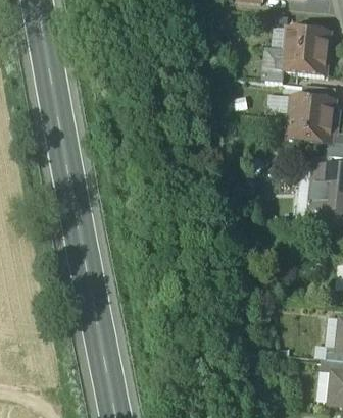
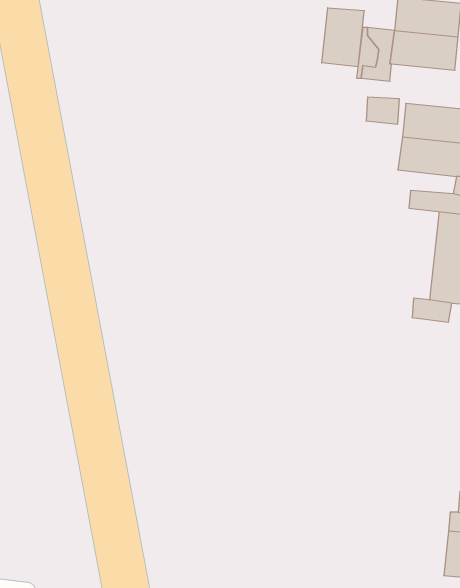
building: none -> [322,8,364,67]

